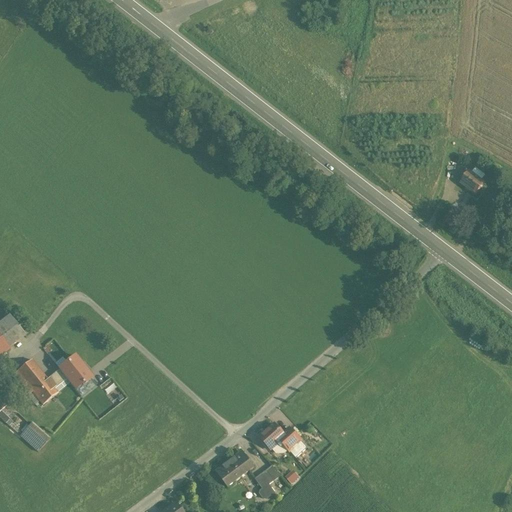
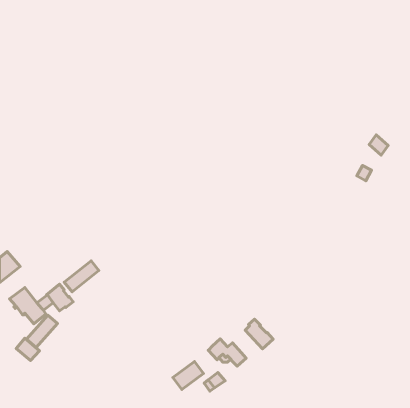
building: none -> [64,261,99,292]
building: none -> [26,315,58,348]
building: none -> [245,319,273,349]

